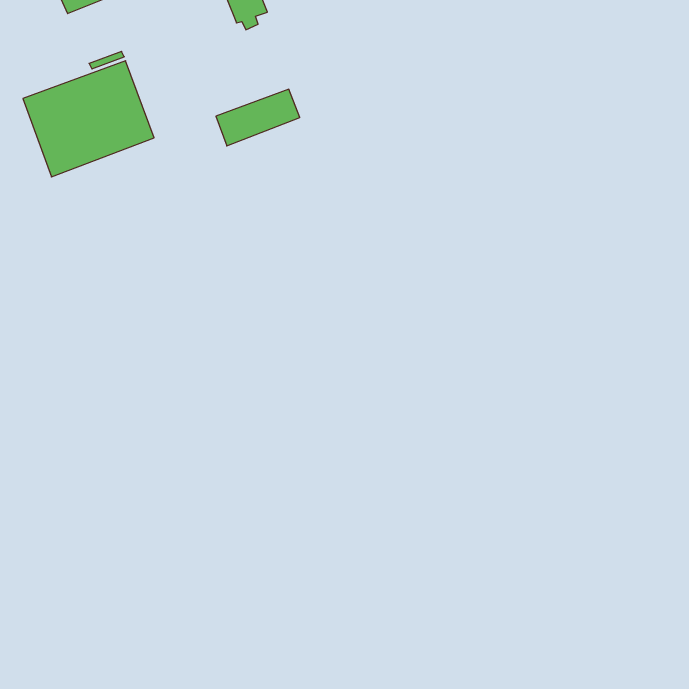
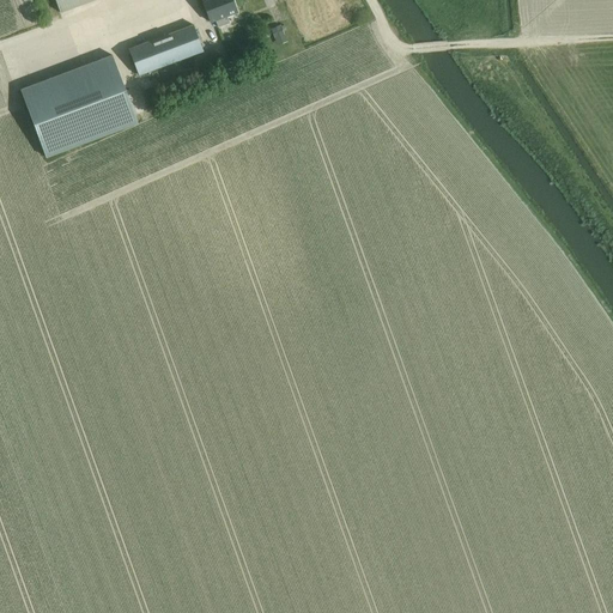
building: [216,89,300,146] -> [129,24,204,74]

